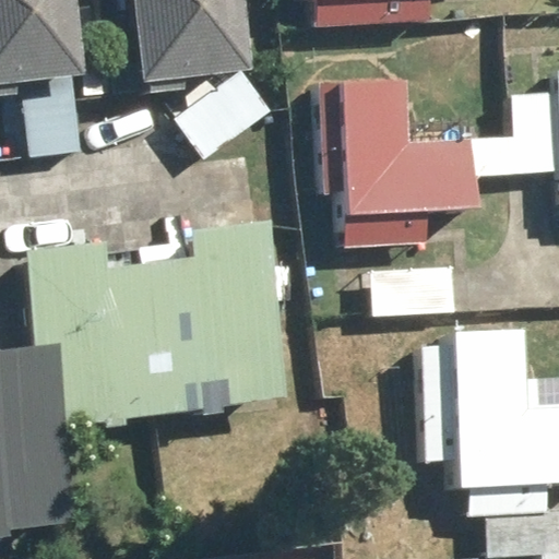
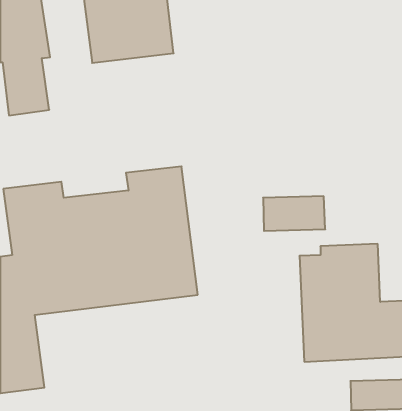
building: [337,79,552,216] -> none

